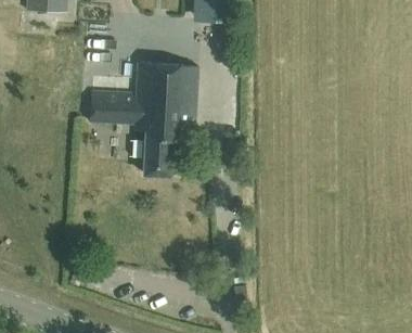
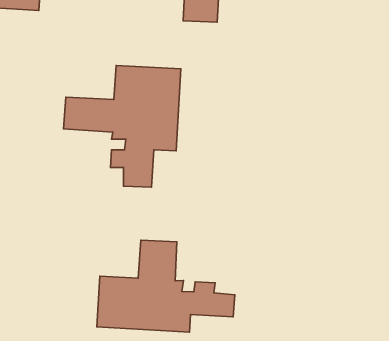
building: none -> [97,240,235,332]

